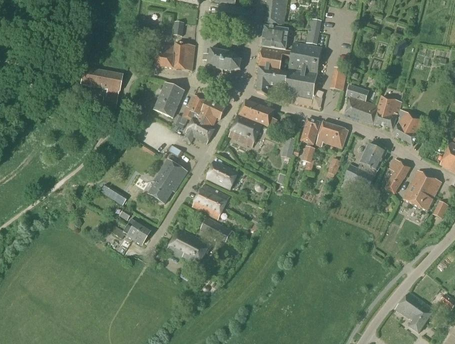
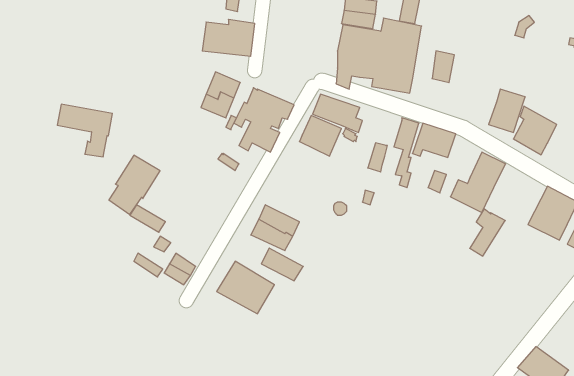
building: [202,48,241,71] -> none
building: [80,67,122,107] -> [57,104,112,157]
building: [345,84,379,122] -> none
building: [384,157,411,193] -> [470,209,505,256]
building: [148,158,187,203] -> [109,155,160,214]
building: [207,161,238,188] -> none

